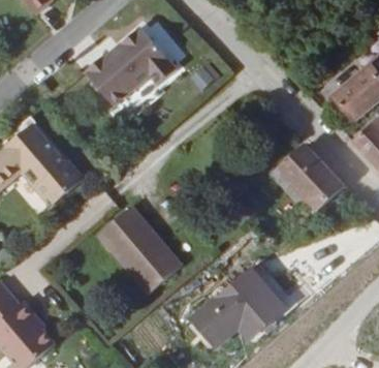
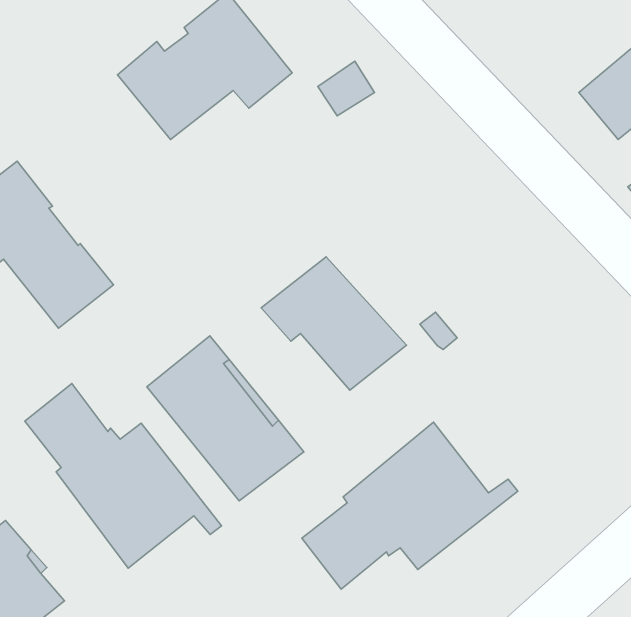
building: [262,139,339,209] -> [261,257,407,390]
building: none -> [25,383,222,568]

